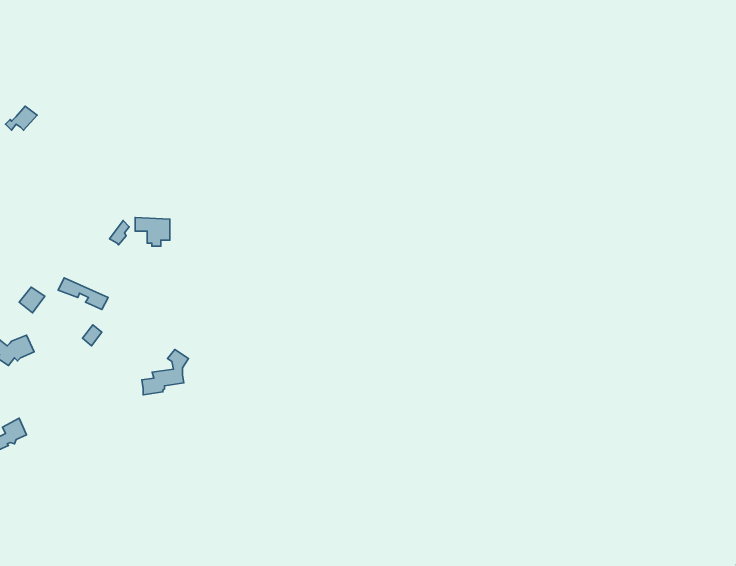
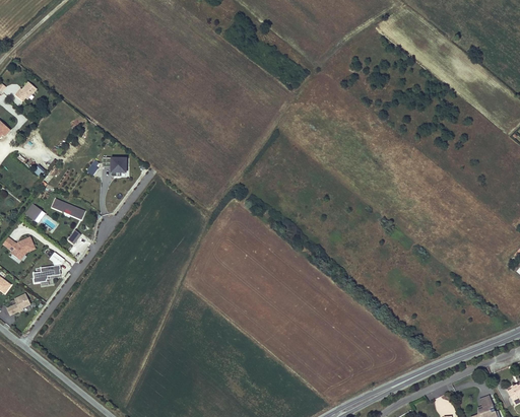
building: [142,350,188,395] -> [31,252,63,282]

